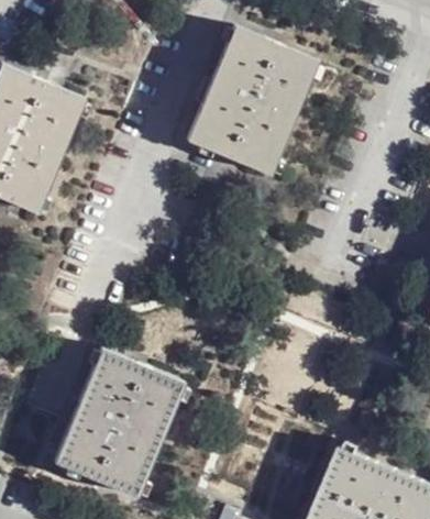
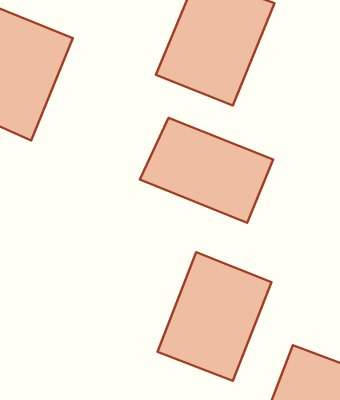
building: none -> [140,118,273,223]
building: [59,349,189,495] -> [158,252,271,381]

